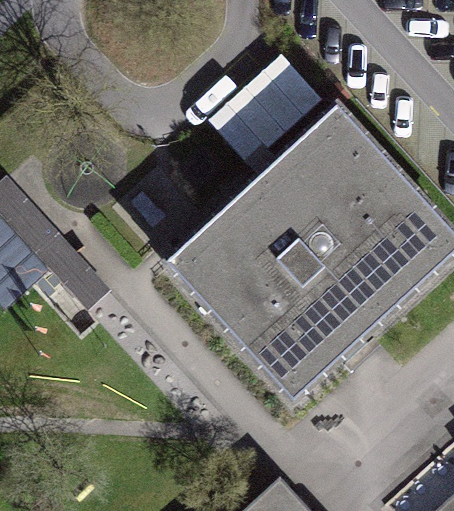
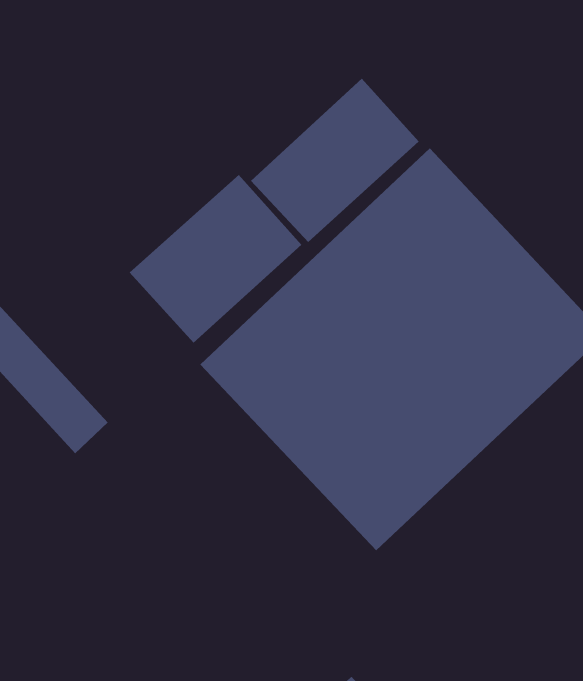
building: none -> [129,174,302,344]

